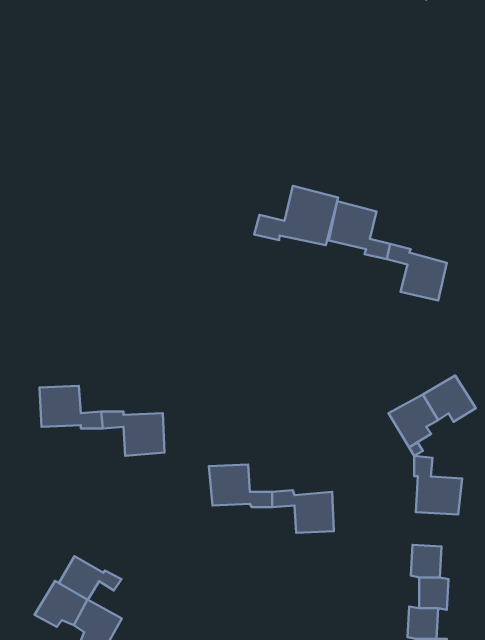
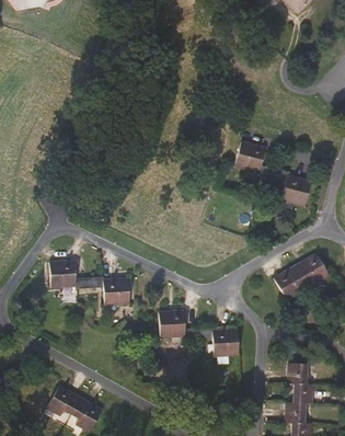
building: [254,186,338,245] -> none
building: [414,456,462,514] -> none
building: [59,556,121,600] -> none

